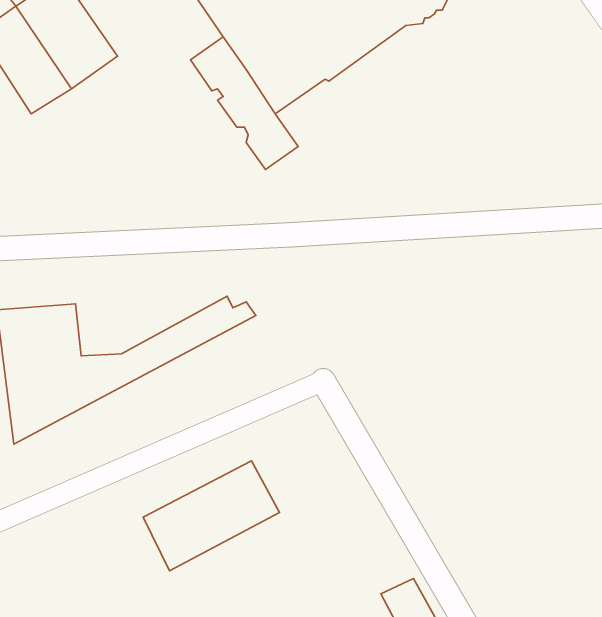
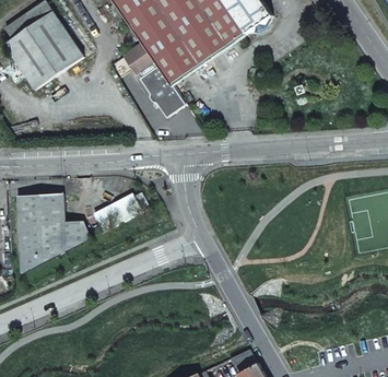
building: [143,461,279,571] -> none

